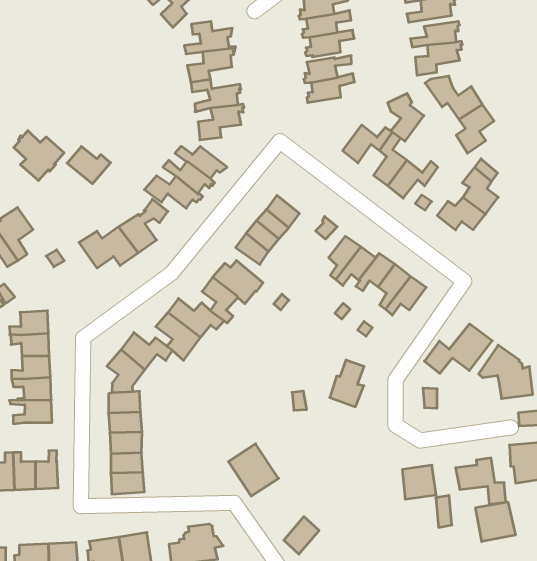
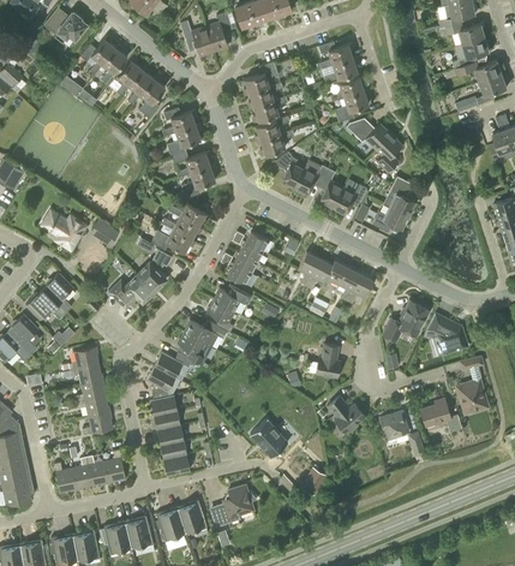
building: [388,93,424,141] -> [275,151,304,187]
building: none -> [328,397,364,433]
building: [476,502,515,542] -> none

